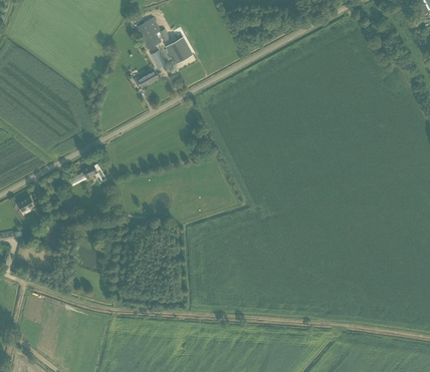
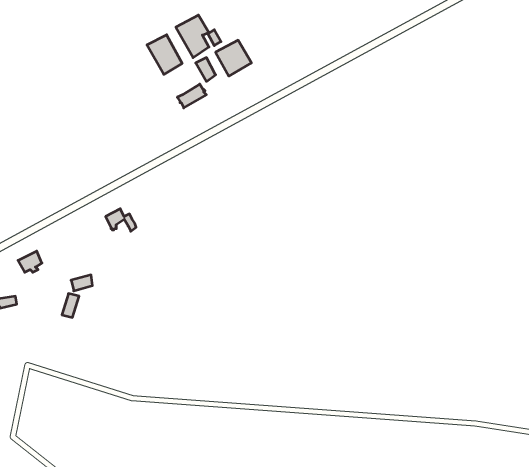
building: none -> [147,35,182,74]

